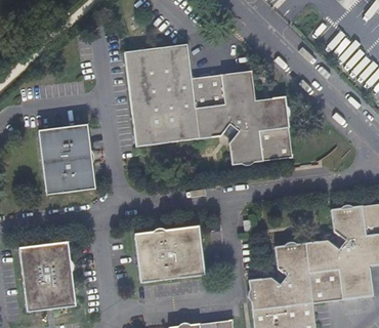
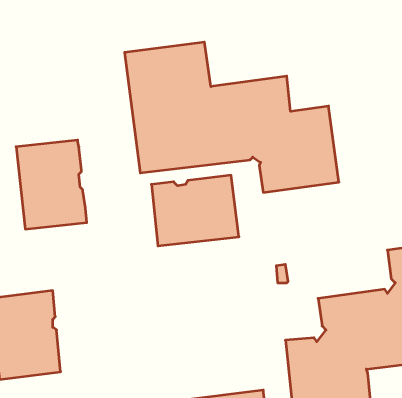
building: [135,225,204,281] -> [151,175,239,246]

